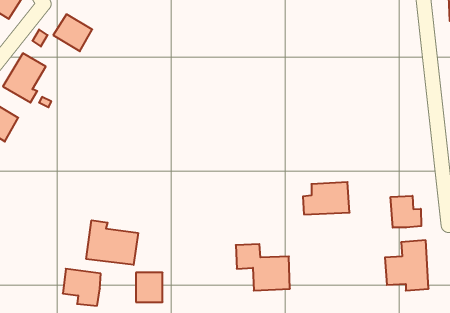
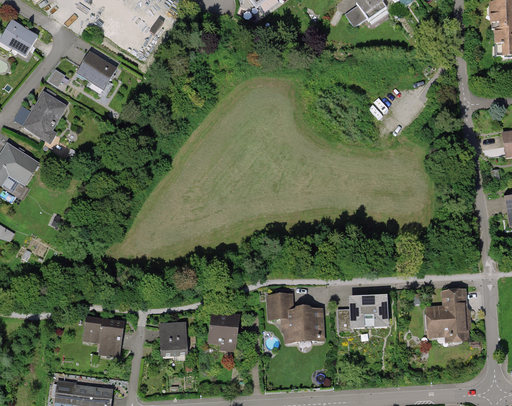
building: [303,182,350,214] -> [336,295,385,329]
building: [391,196,421,228] -> none
building: [86,220,138,265] -> none
building: none -> [210,315,242,349]

